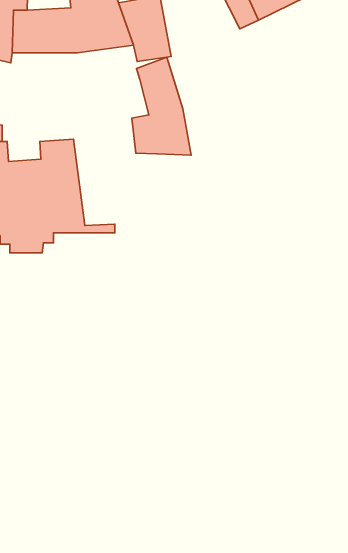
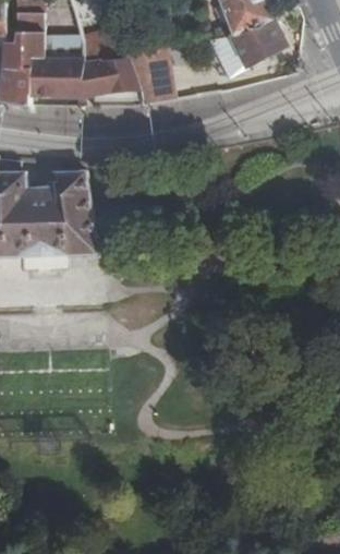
building: [132,57,191,155] -> none

